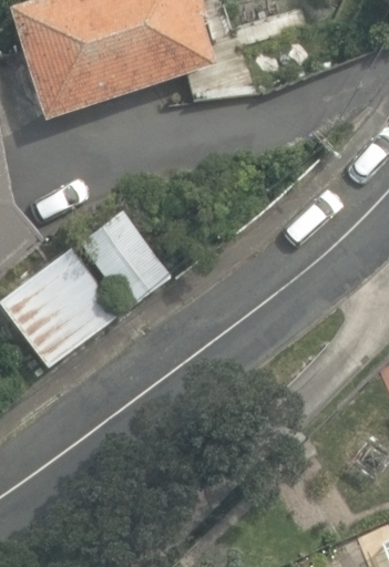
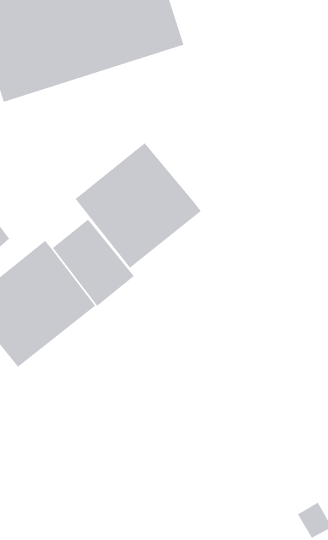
building: none -> [74,142,202,269]

